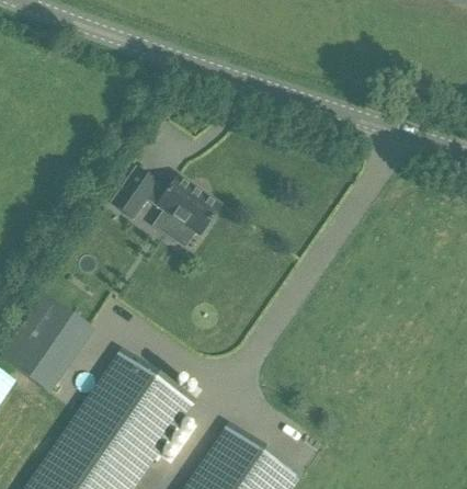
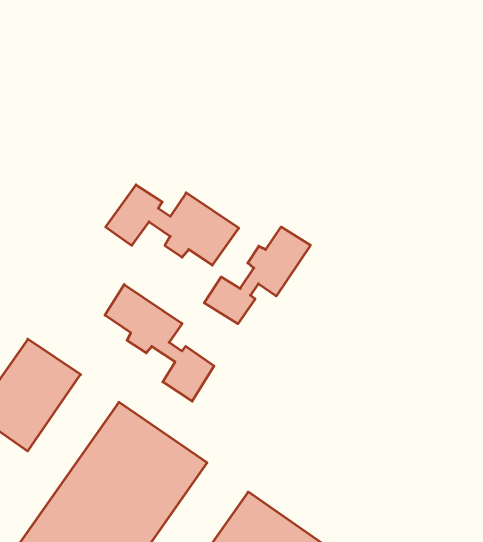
building: none -> [204,227,310,324]
building: none -> [105,284,214,401]

